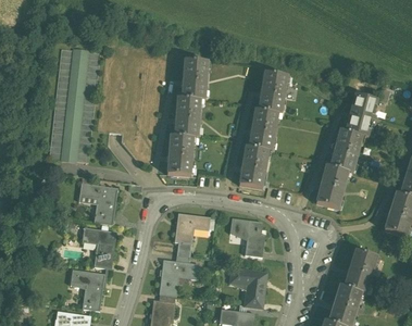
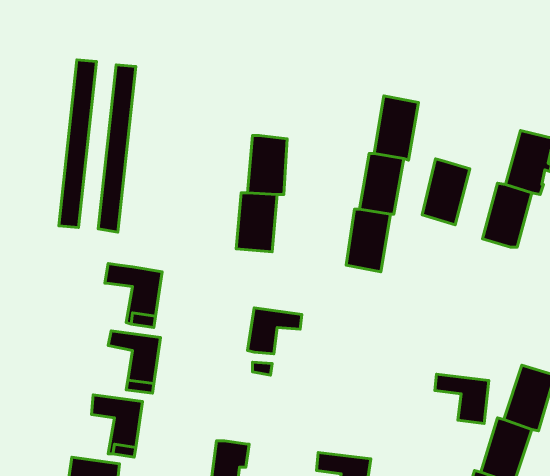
building: [182,60,208,100] -> none
building: [316,165,348,209] -> [422,159,470,225]
building: [230,217,264,250] -> none
building: [159,260,200,296] -> none
building: [230,267,266,300] -> [435,374,489,423]

